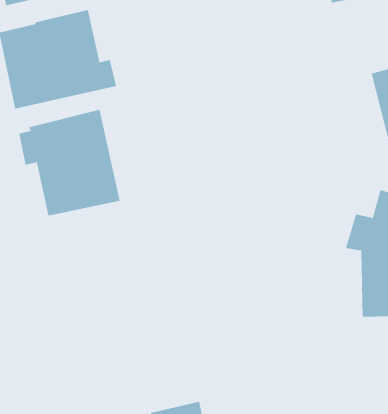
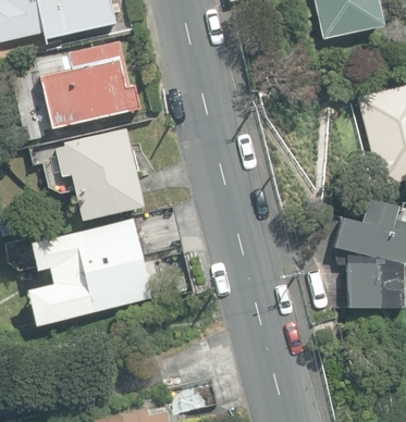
building: none -> [47,216,152,316]

